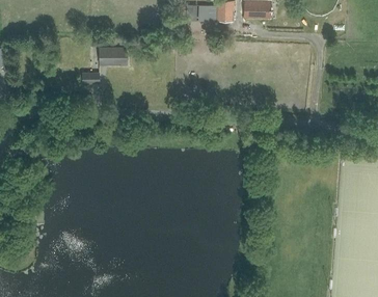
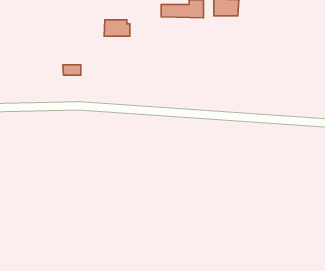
building: [99,48,127,65] -> [104,20,130,36]

